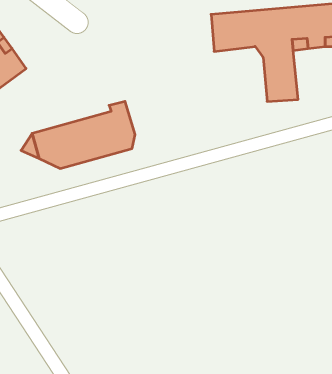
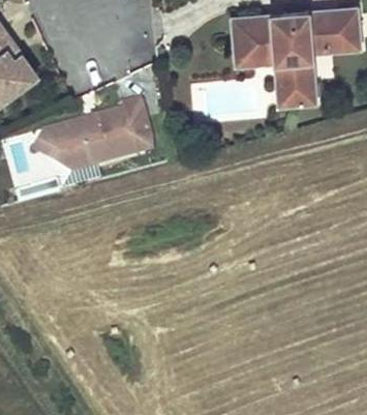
building: none -> [232,51,286,108]

